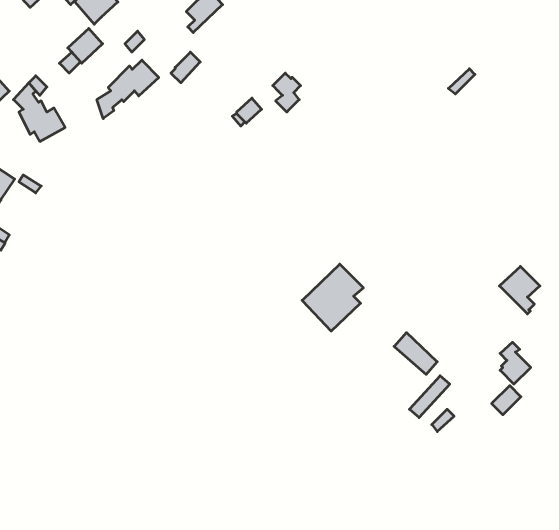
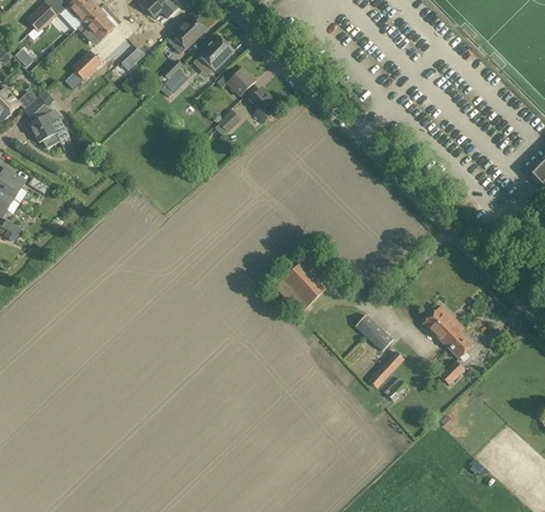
building: none -> [193,35,233,76]
building: none -> [216,67,256,96]
building: [97,60,159,119] -> none
building: [499,266,540,314] -> [423,305,458,346]

